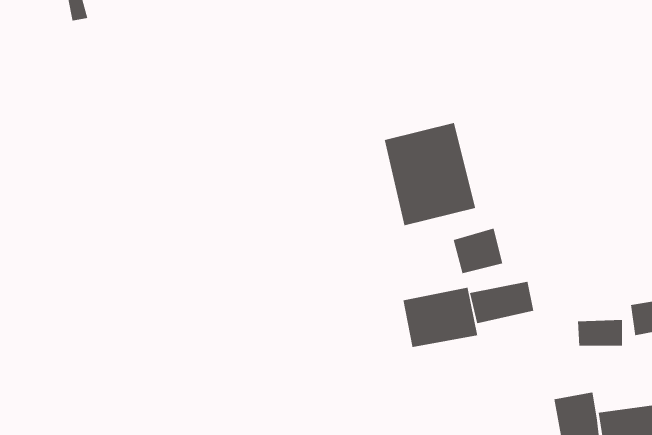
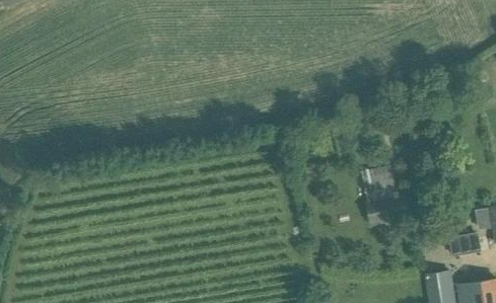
building: [384,122,476,226] -> none
building: [403,287,478,348] -> none

